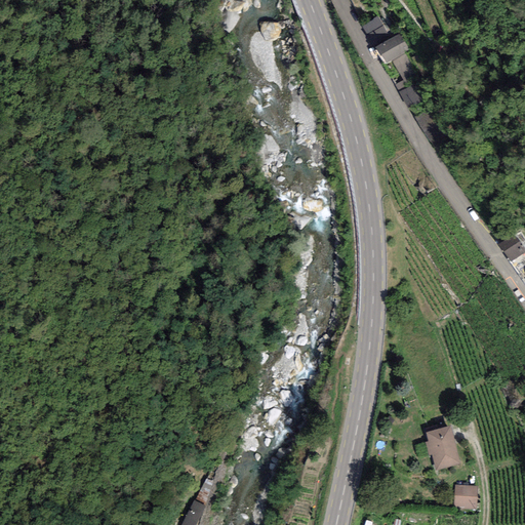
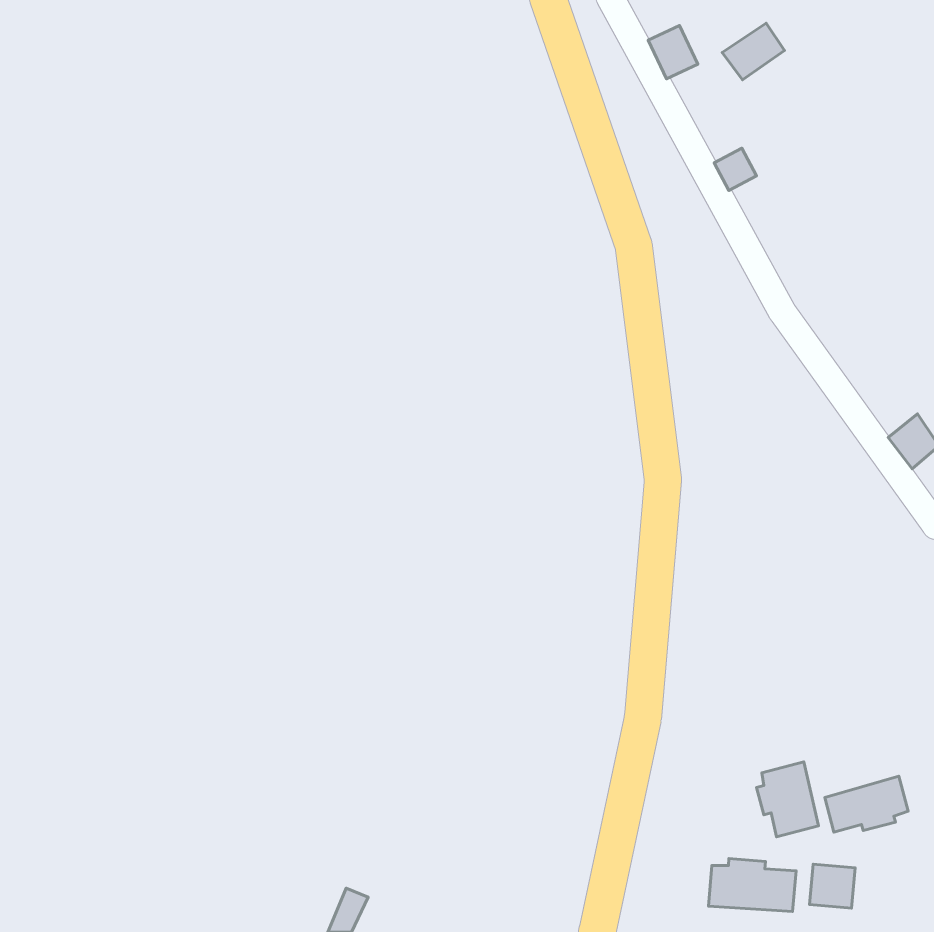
building: [375,33,410,65] -> [722,23,784,80]
building: none -> [825,776,908,832]
building: none -> [708,858,796,912]

